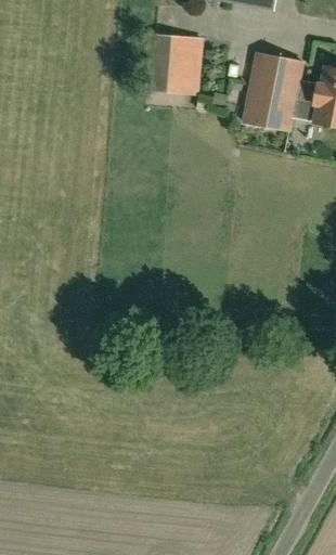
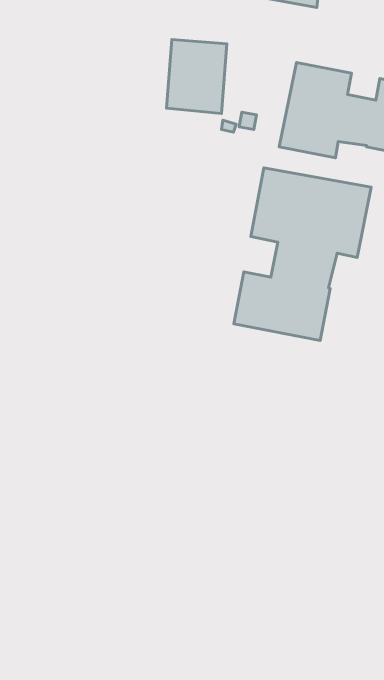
building: none -> [234,168,371,340]

